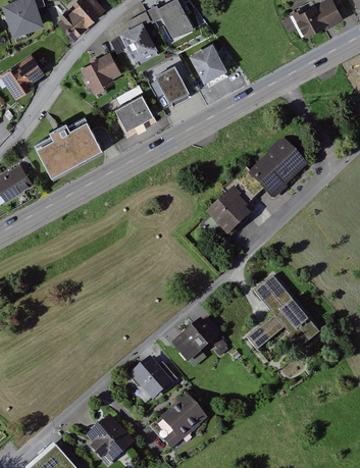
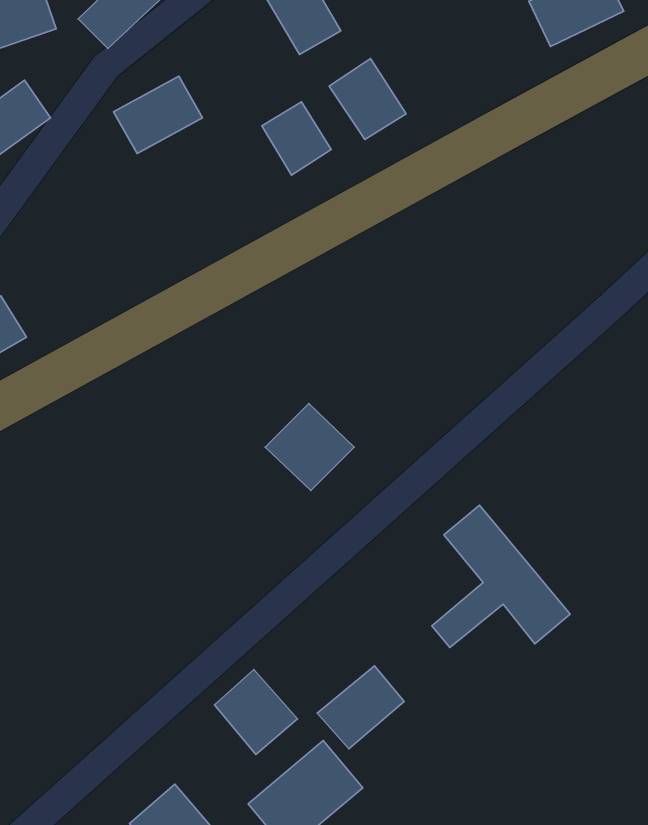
building: [120,22,157,62] -> none
building: [113,95,151,131] -> none
building: [46,113,100,174] -> none
building: [246,140,306,199] -> none
building: [208,191,254,236] -> [265,404,354,491]
building: [171,319,216,362] -> [317,666,404,749]

